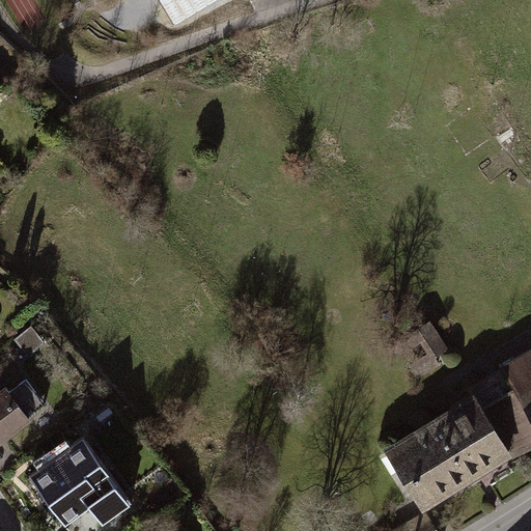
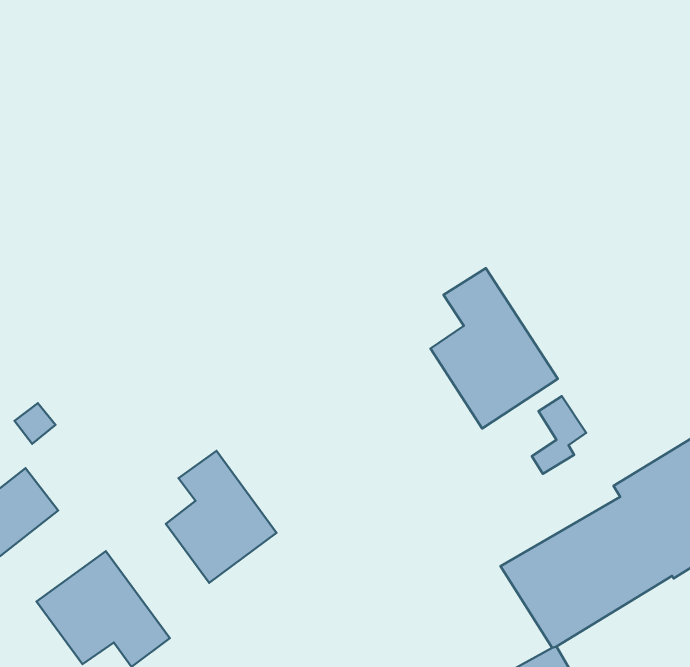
building: none -> [431,268,558,428]
building: none -> [166,451,277,583]

